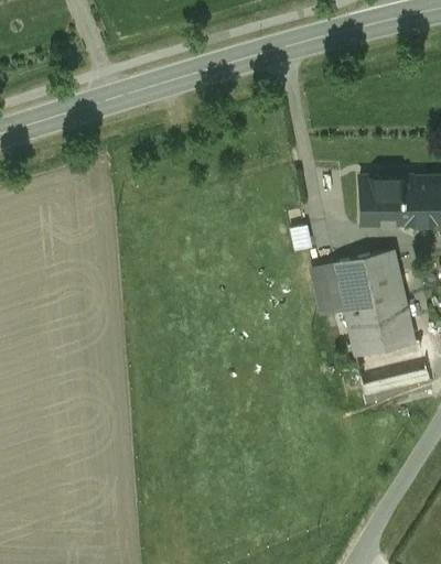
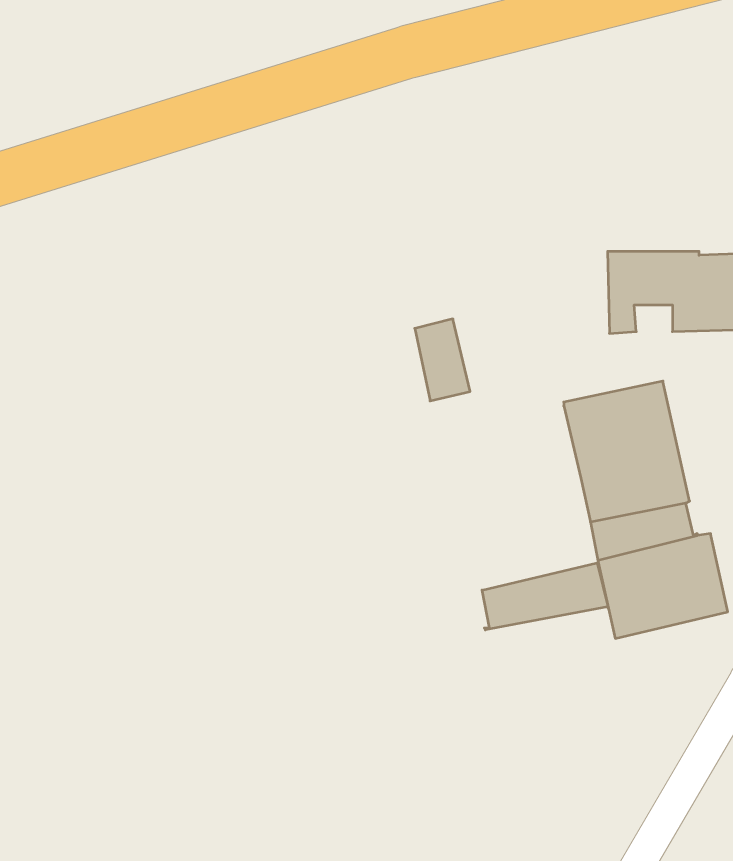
building: [313,265,345,313] -> [415,319,470,401]
building: none -> [482,563,609,630]

